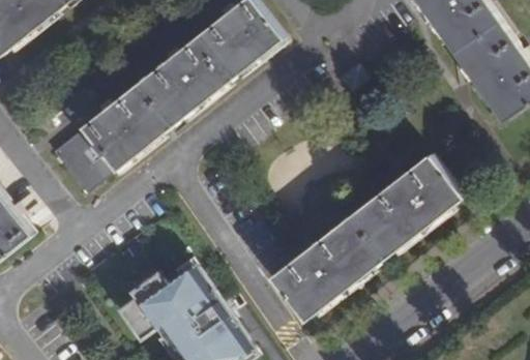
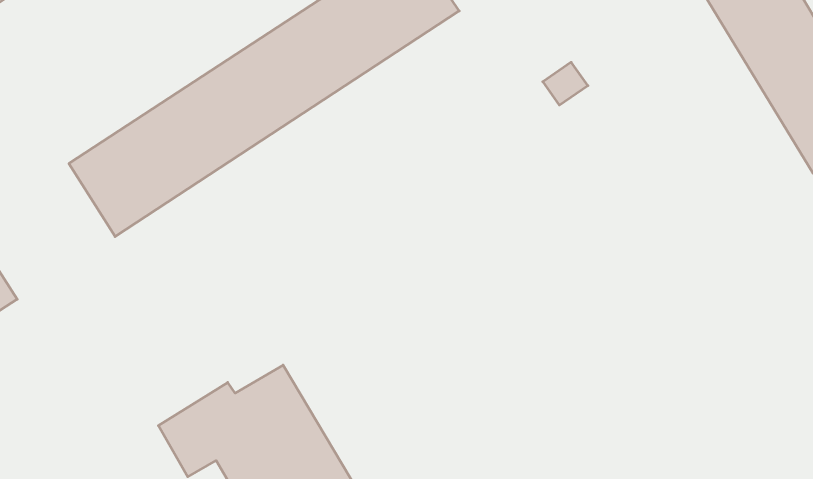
building: [270,154,465,320] -> none

